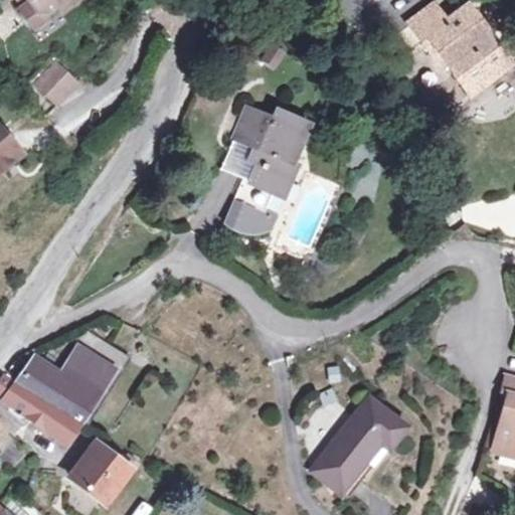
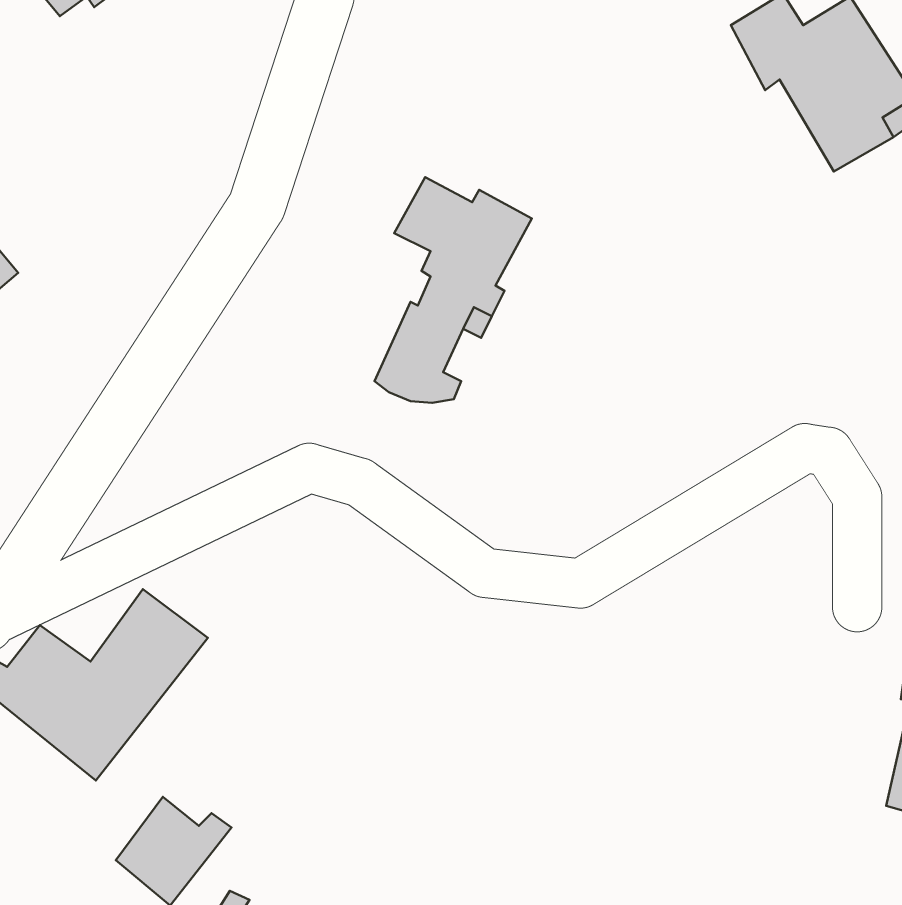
building: [33,67,76,111] -> none
building: [312,398,395,491] -> none

